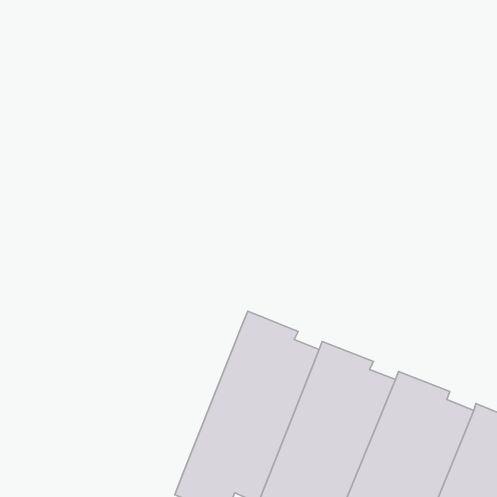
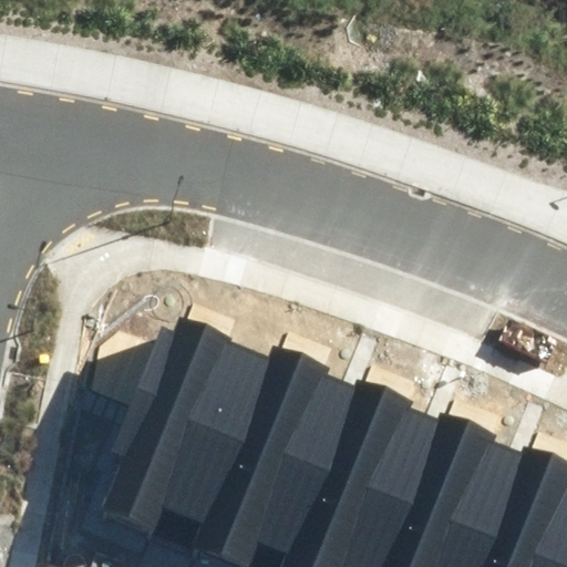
building: none -> [120,333,286,555]

